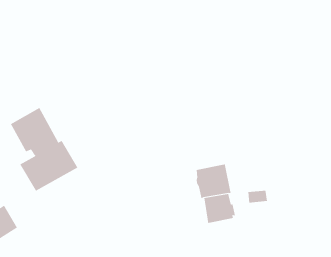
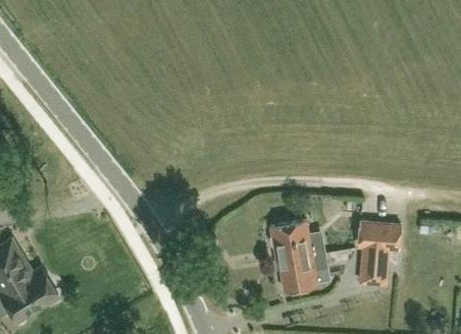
building: [10,107,78,191] -> none
building: none -> [359,220,393,282]

